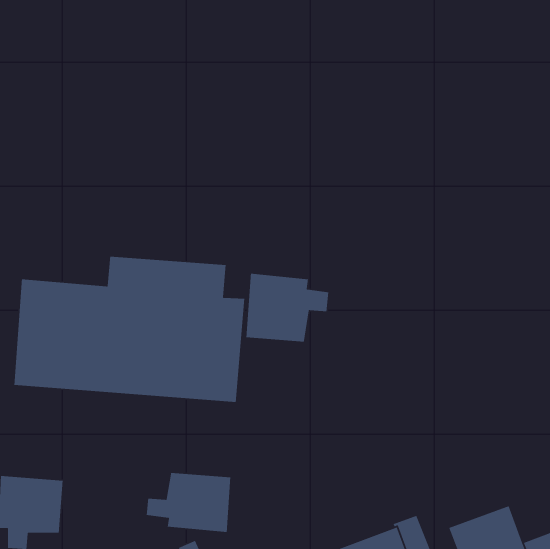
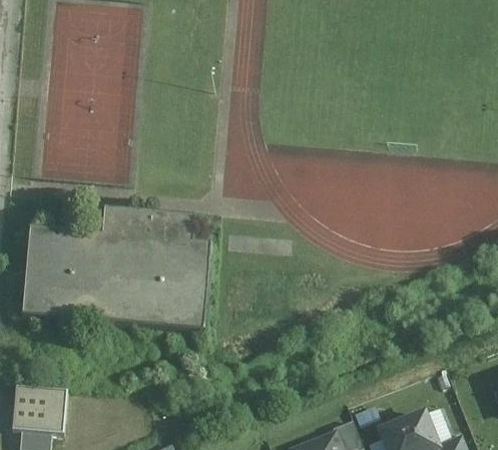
building: [246,273,329,342] -> none
building: [146,472,231,533] -> none

